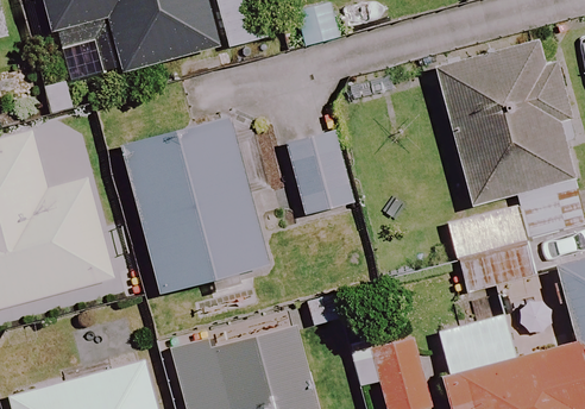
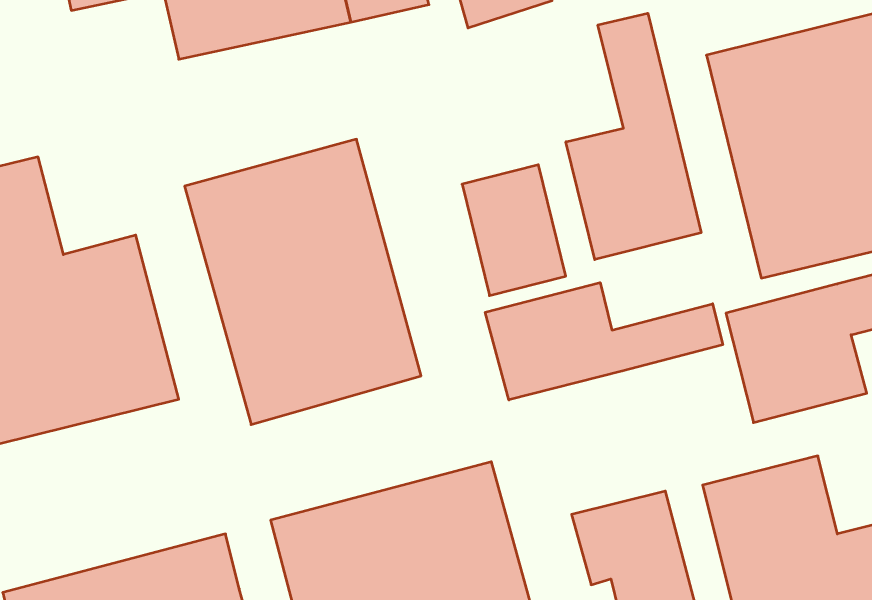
building: none -> [566,13,701,260]
building: none -> [485,283,723,400]

